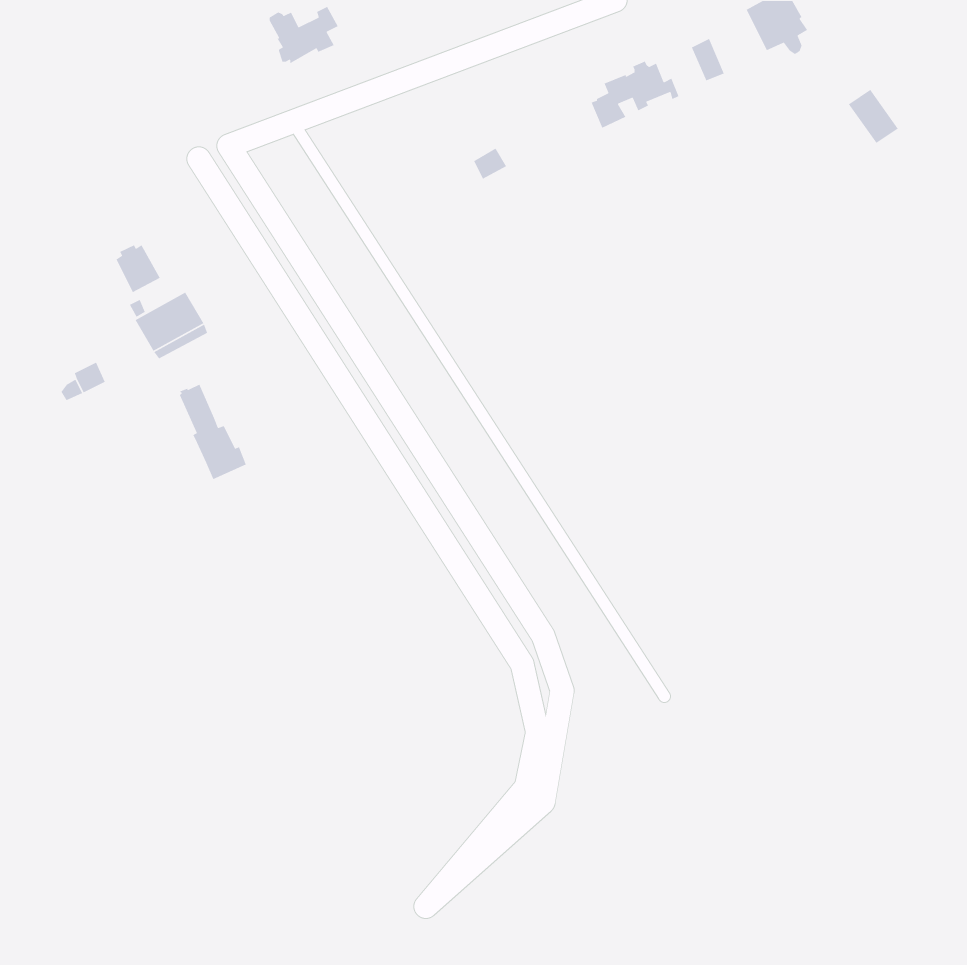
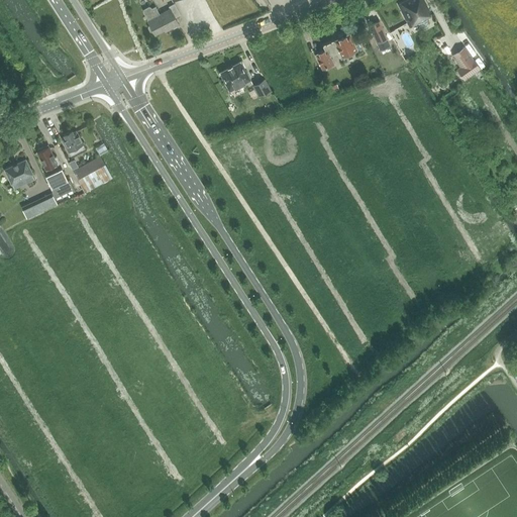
building: none -> [219,62,250,92]
building: none -> [4,160,35,190]
building: [179,384,247,480] -> [37,146,74,198]

